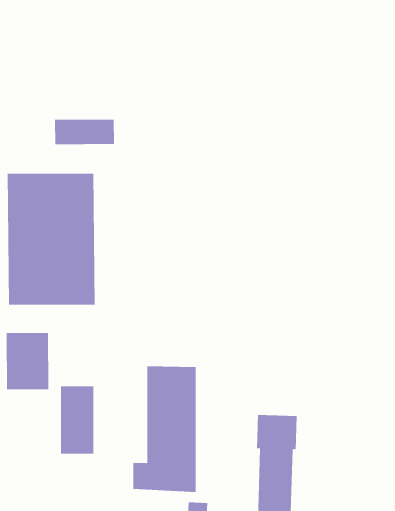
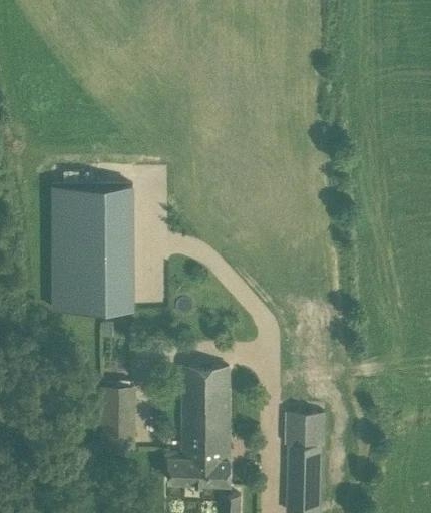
building: [55,119,114,145] -> none
building: [6,332,49,390] -> none

